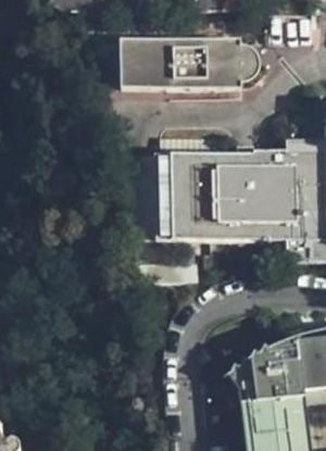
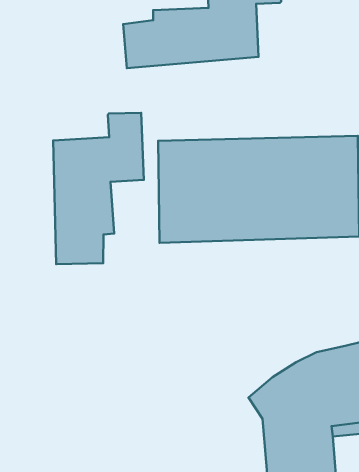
building: none -> [53,113,144,264]

